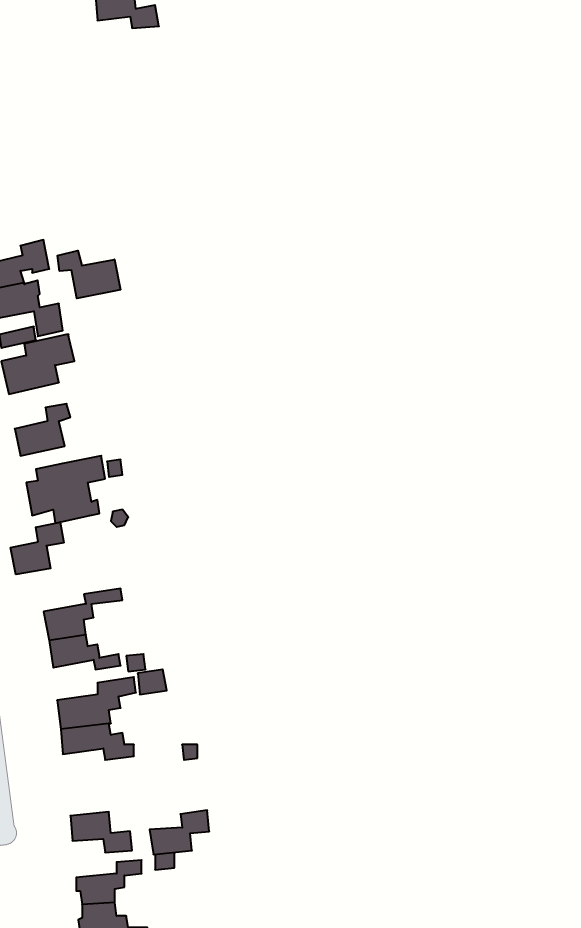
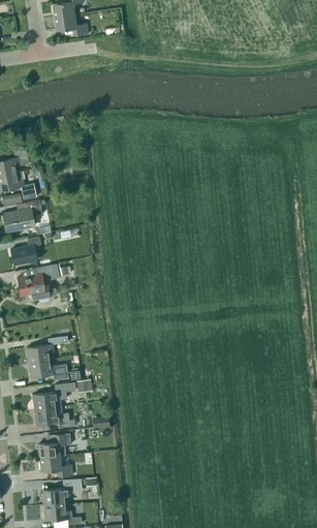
building: [57,251,120,298] -> none
building: [11,522,64,574] -> none
building: [150,810,209,854] -> [38,434,70,458]

